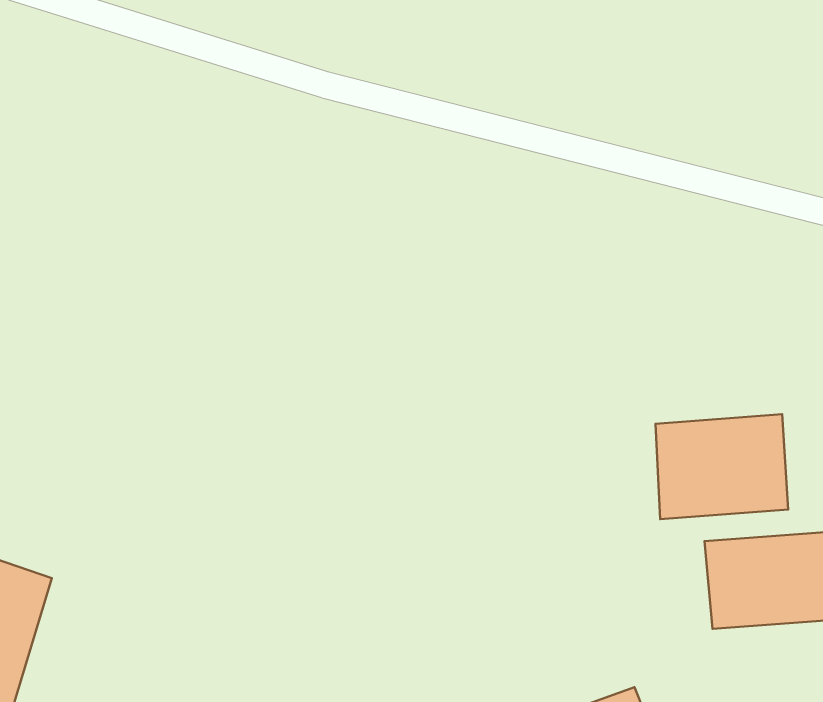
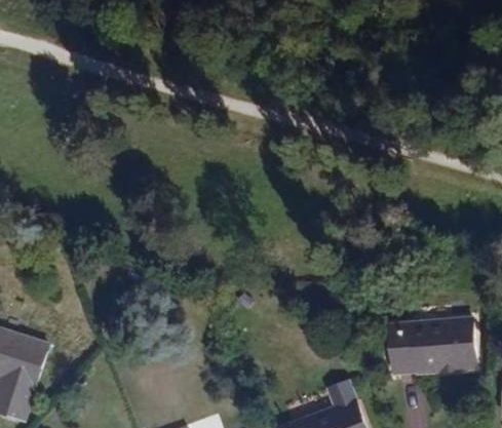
building: [656,414,788,519] -> none

